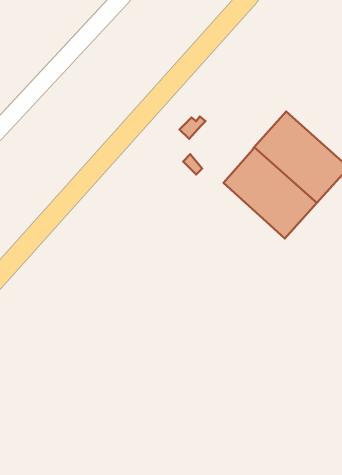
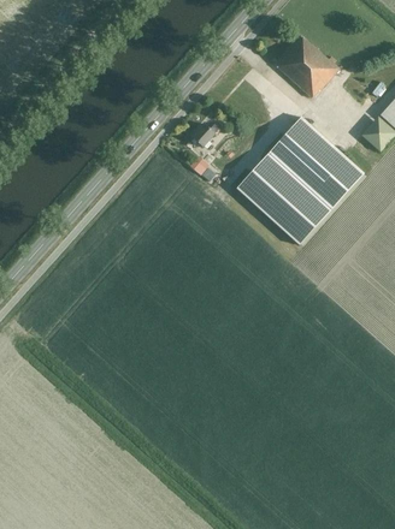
building: none -> [276,36,337,96]

